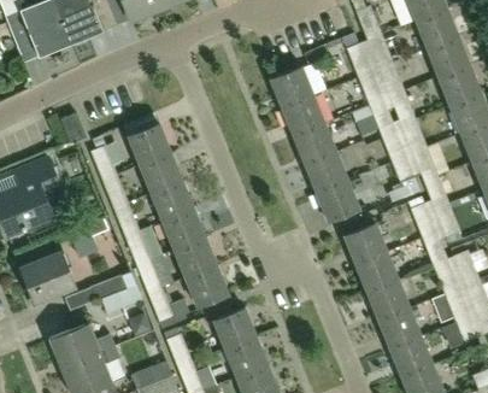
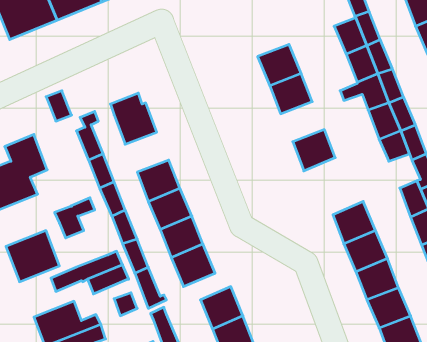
building: [293,124,336,164] -> none
building: [139,154,182,194] -> none
building: [316,180,359,221] -> none

